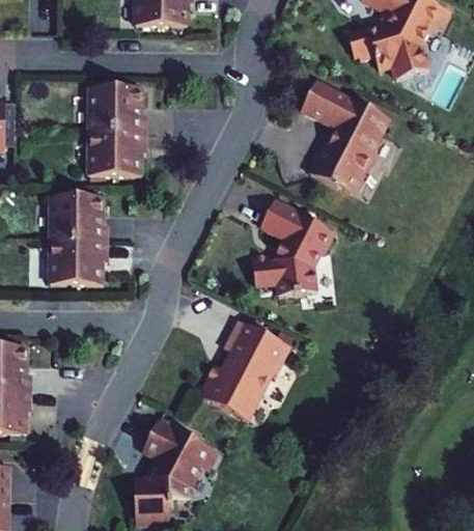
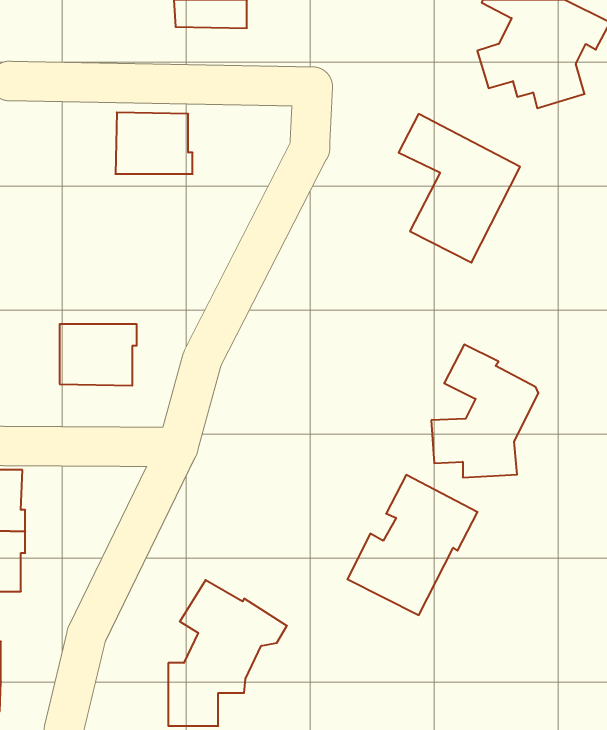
building: [93,127,149,171] -> none
building: [53,191,109,235] -> none
building: [248,199,326,296] -> [431,344,539,477]
building: [188,317,282,419] -> [347,475,478,615]

